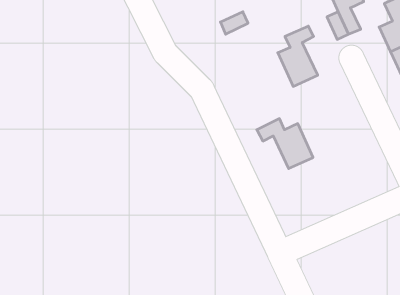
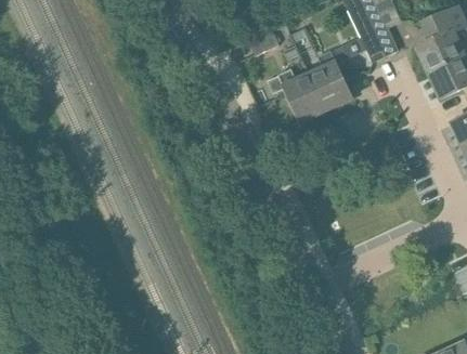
building: [257,119,313,169] -> [267,67,326,120]

